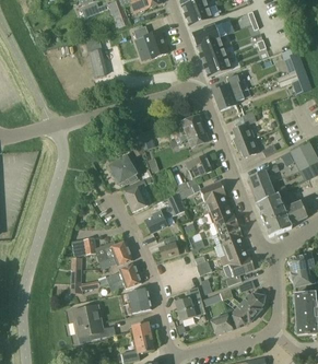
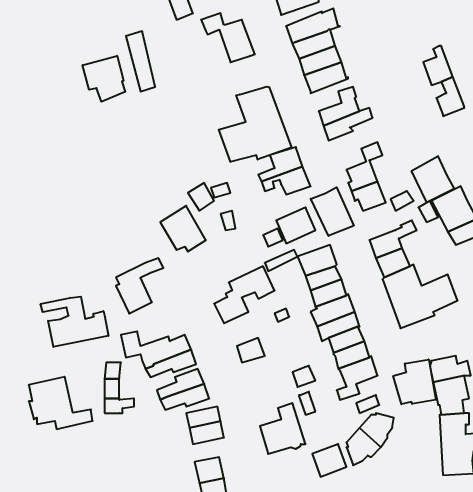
building: none -> [83,56,125,102]
building: none -> [219,87,291,162]
building: none -> [412,156,454,202]
building: none -> [311,187,354,236]
building: [123,174,155,211] -> [116,258,163,314]
building: none -> [41,297,108,347]
building: none -> [393,359,436,404]
building: [73,304,116,339] -> [29,377,93,429]

